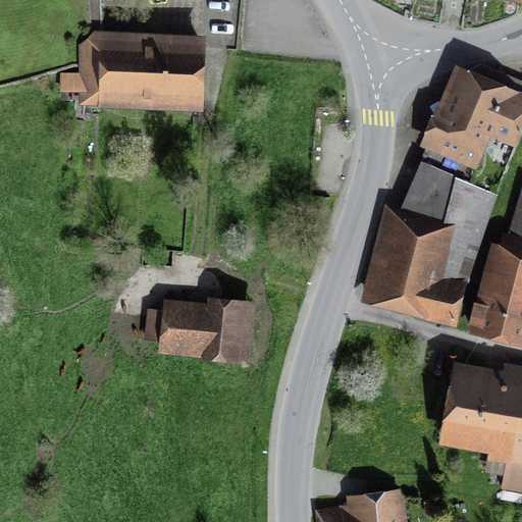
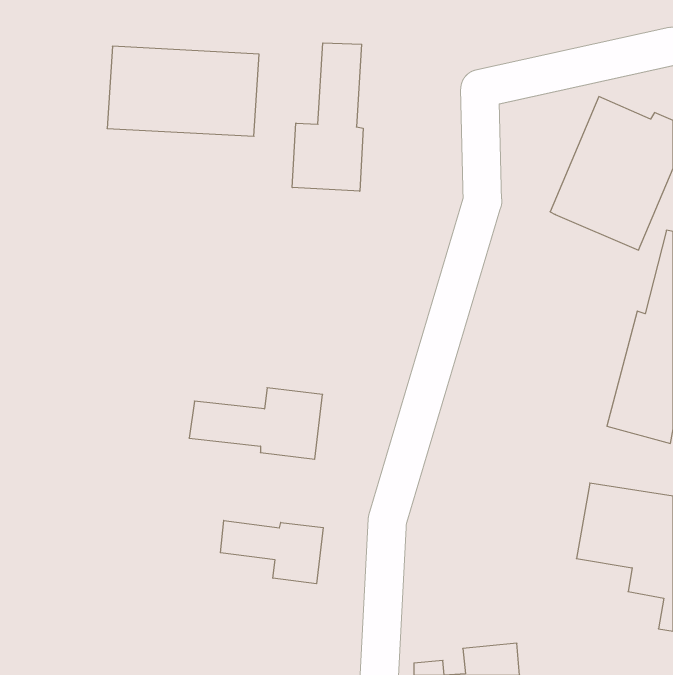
building: none -> [292,43,363,191]
building: [372,165,492,325] -> none
building: none -> [220,520,323,584]

